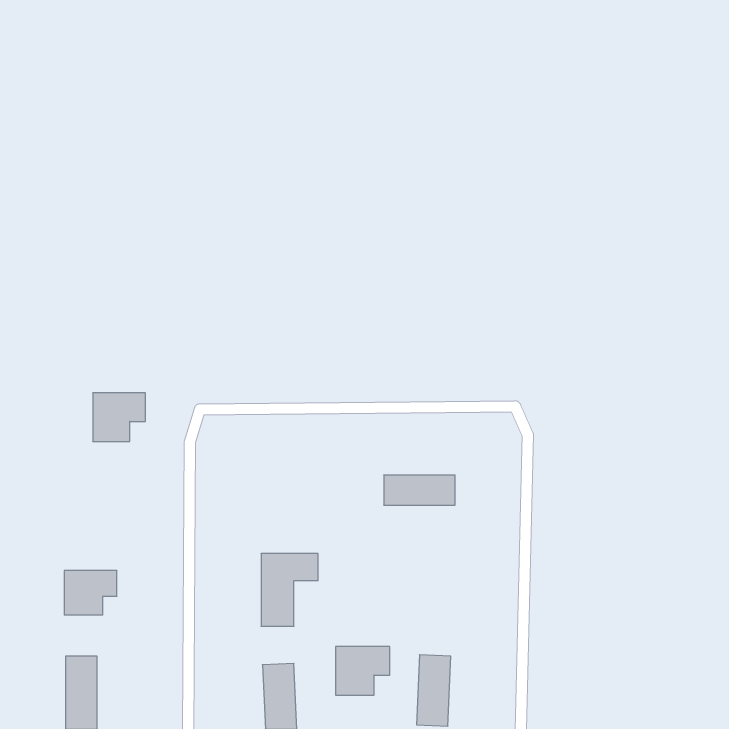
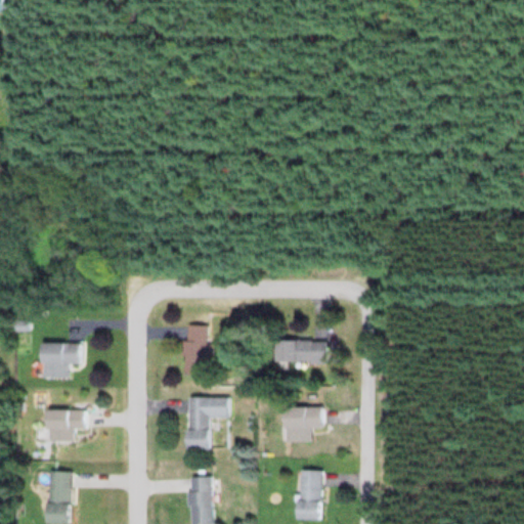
building: [93,393,145,441] -> [41,343,79,378]
building: none -> [183,325,207,375]
building: [336,647,390,695] -> [285,407,323,442]

